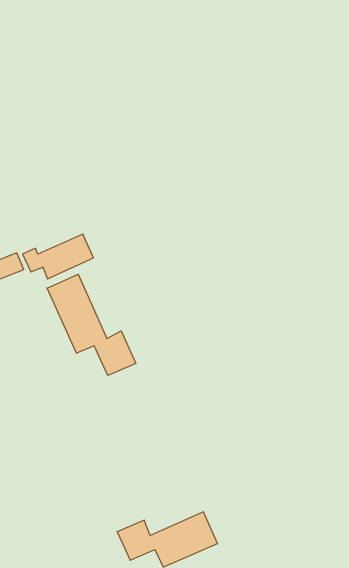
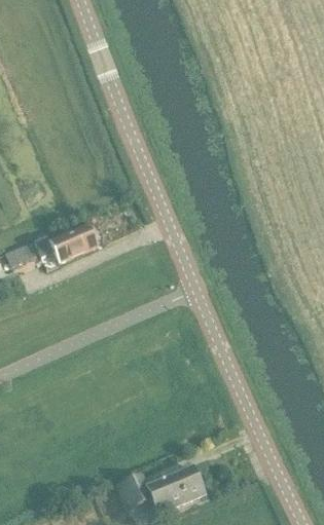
building: [47,274,136,375] -> none

